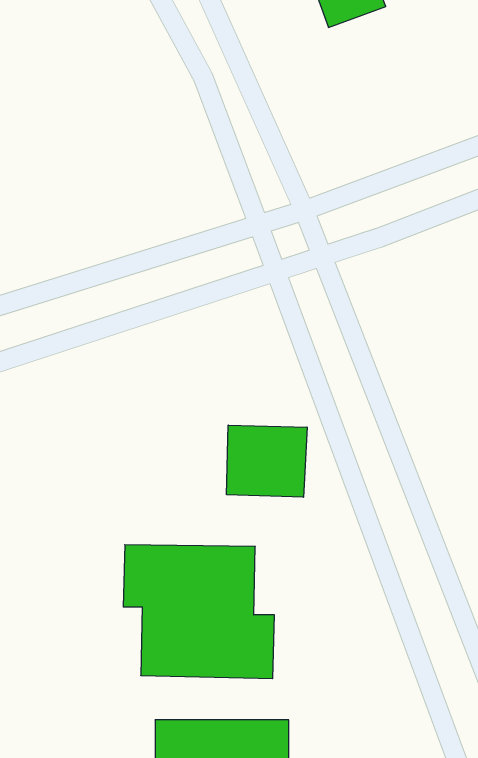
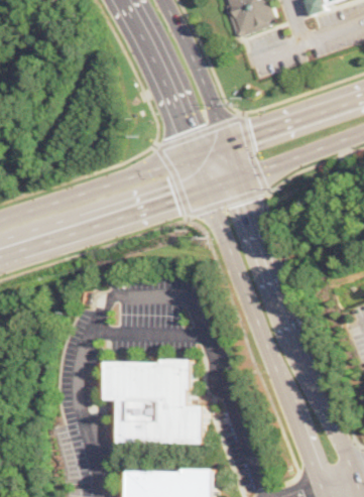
building: [227,425,307,497] -> none

